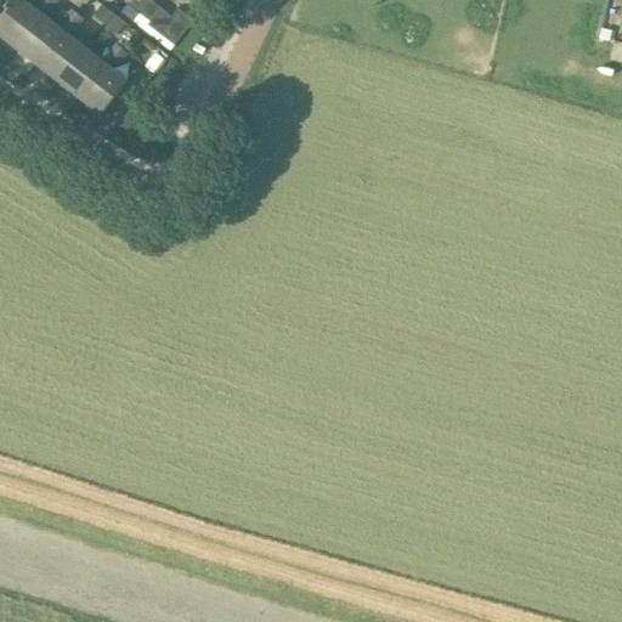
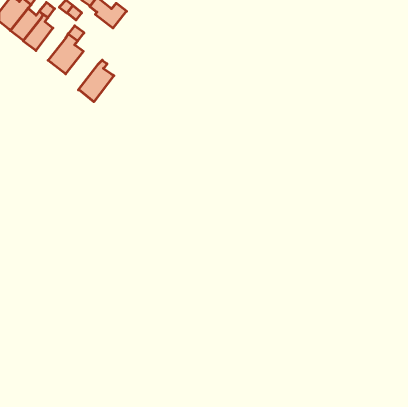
building: [55,43,100,91] -> none
building: none -> [78,60,114,102]

